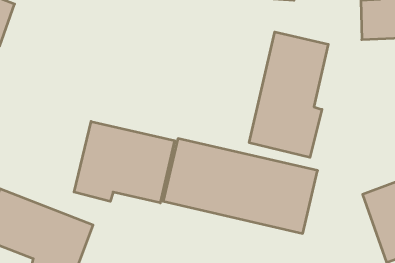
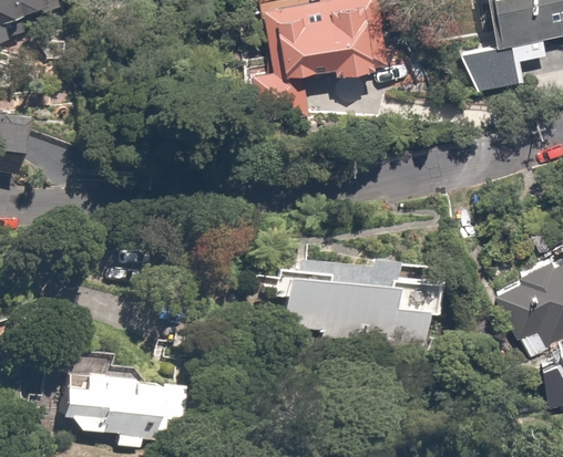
building: [249,32,328,157] -> none
building: [74,121,175,203] -> none

